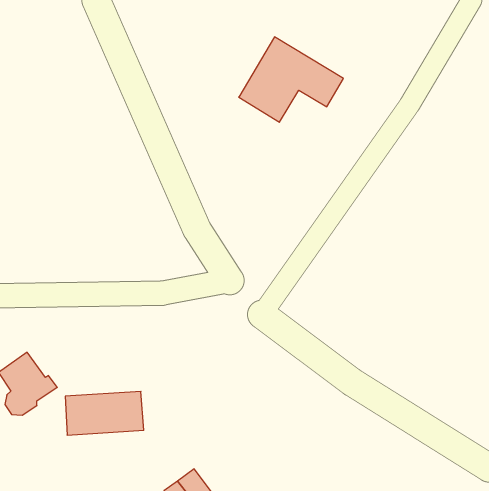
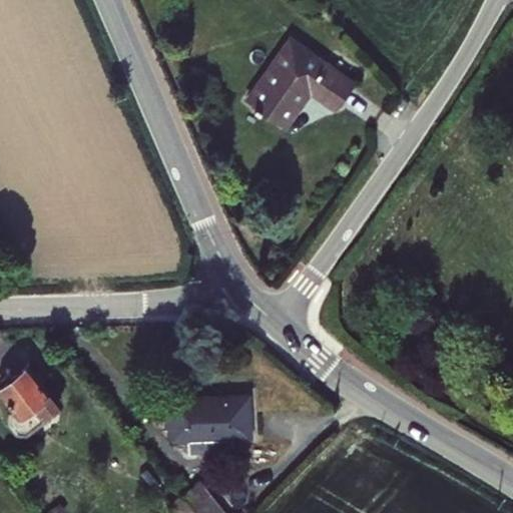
building: [65,391,144,435] -> [170,398,251,443]

